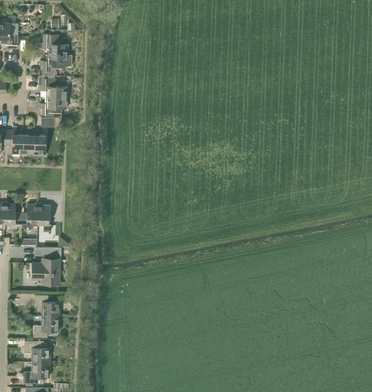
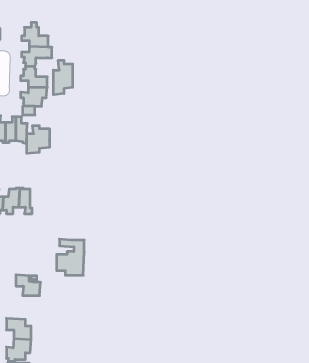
building: none -> [53,60,73,95]
building: none -> [27,126,49,153]
building: [32,246,61,284] -> [57,239,84,275]
building: [33,316,59,337] -> none

